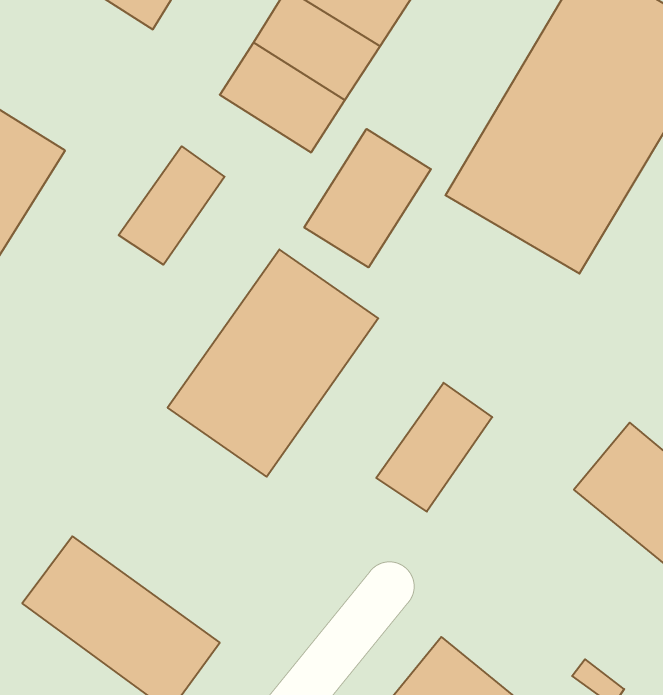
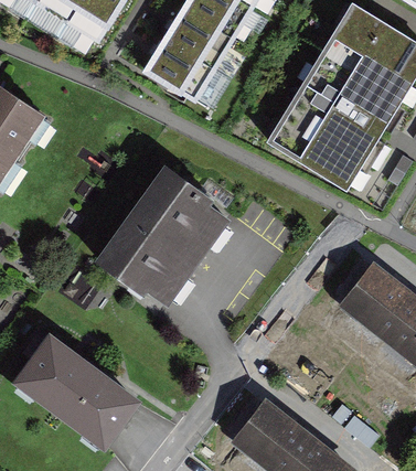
building: [304,129,431,267] -> none
building: [119,146,225,265] -> none
building: [376,383,492,512] -> none

